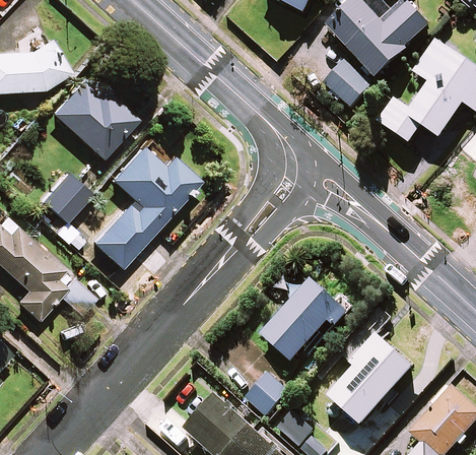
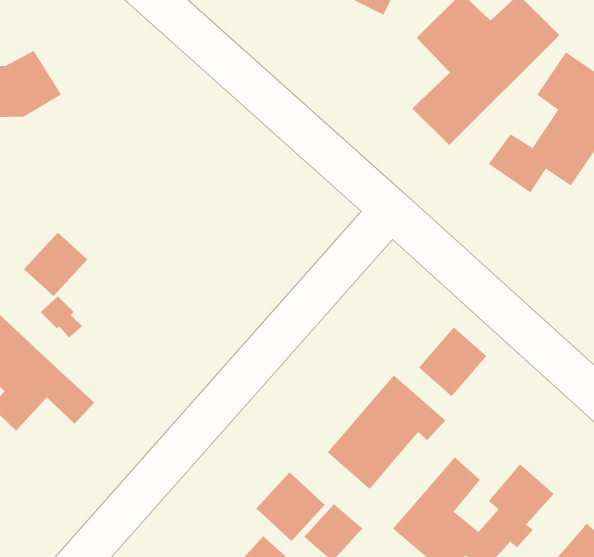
building: [50,78,135,155] -> none
building: [90,144,198,265] -> none
building: none -> [418,326,487,397]
building: none -> [256,471,326,542]

